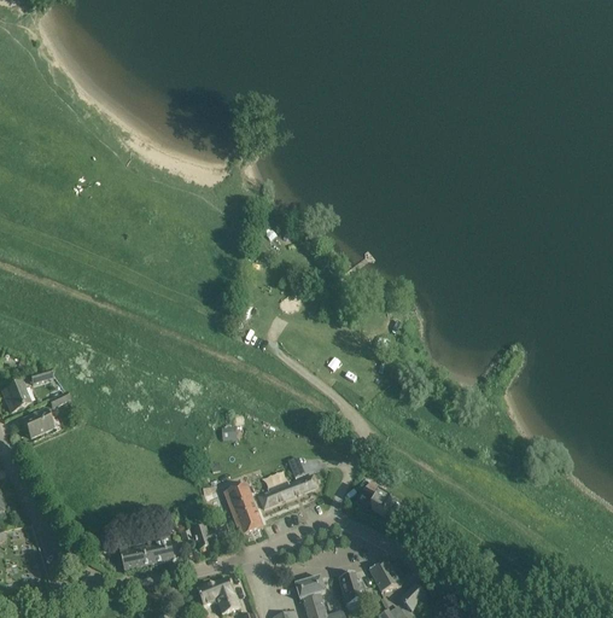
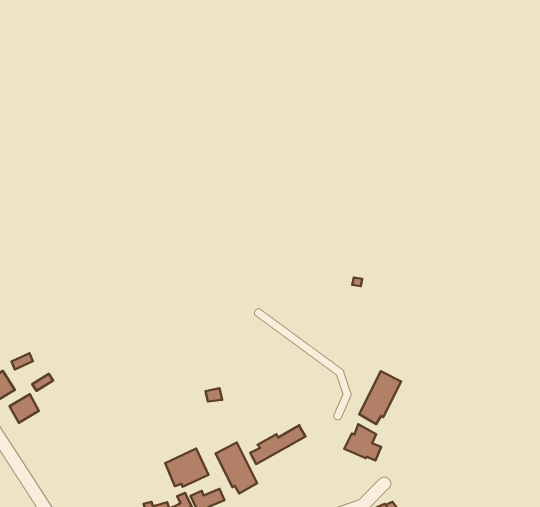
building: none -> [359,371,401,424]
building: none -> [165,448,208,487]

